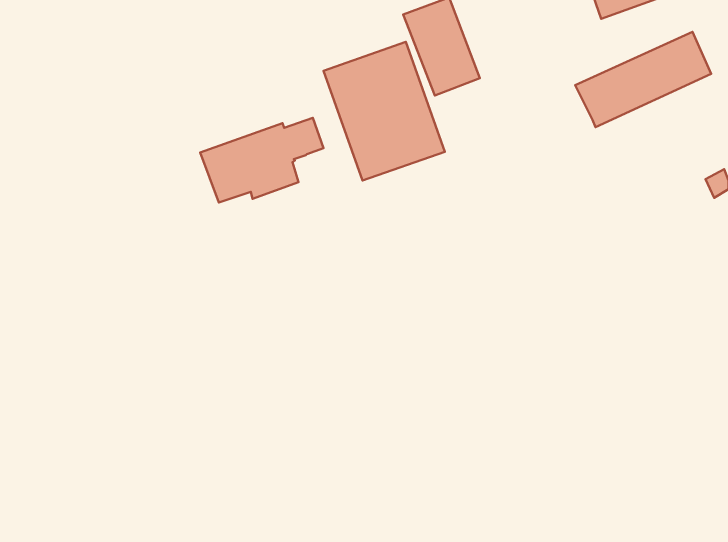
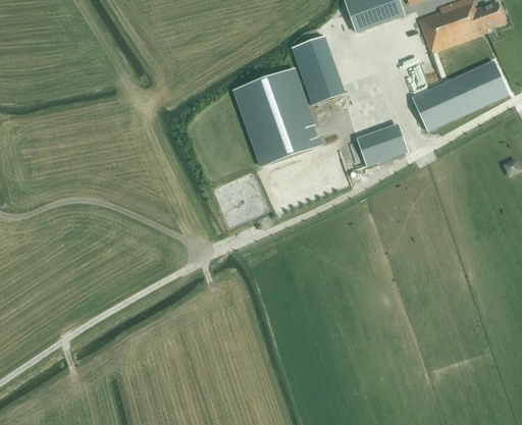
building: [200,118,323,203] -> none
building: none -> [359,127,408,165]

